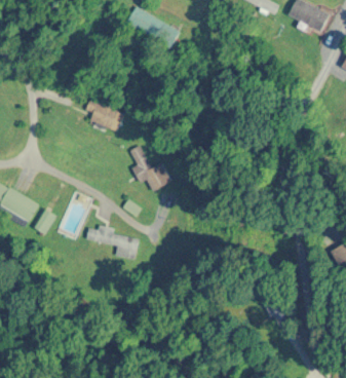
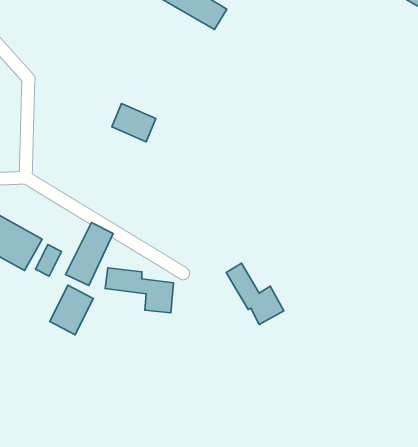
building: [127,144,170,190] -> [226,263,284,325]
building: none -> [50,285,93,335]

